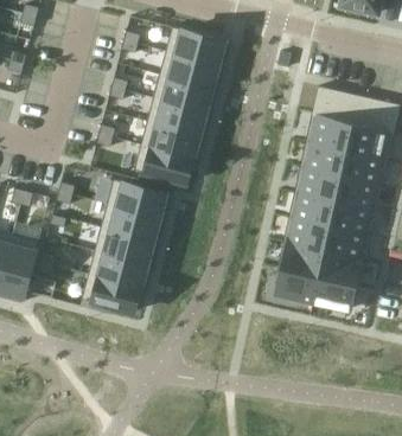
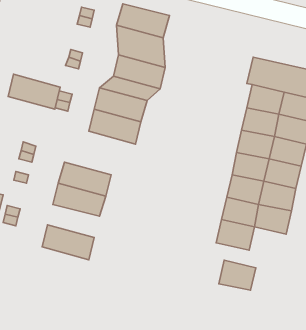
building: [107,180,165,219] -> [8,74,60,109]
building: [88,252,146,289] -> none
building: [313,277,355,310] -> [219,260,256,290]

